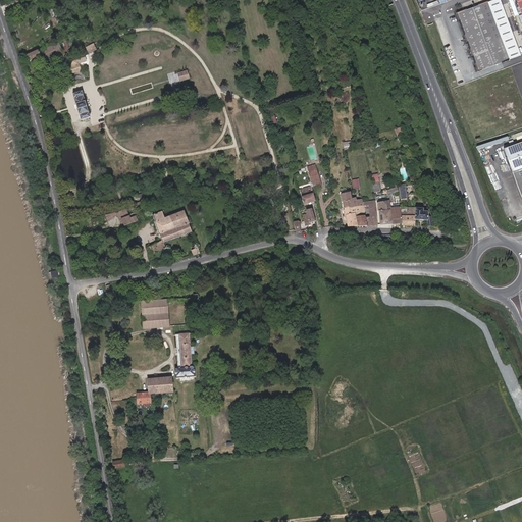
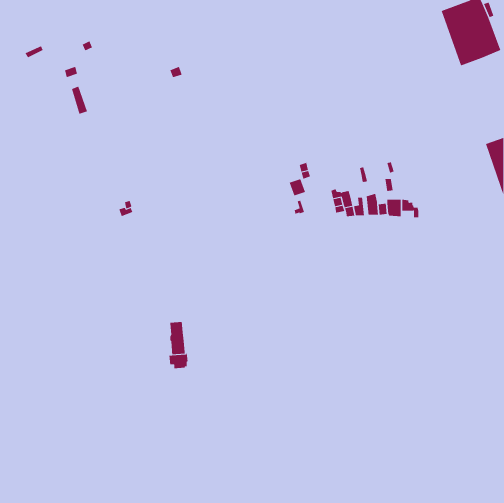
building: [149,210,192,253] -> none
building: [141,299,168,326] -> none
building: [139,376,172,402] -> none

